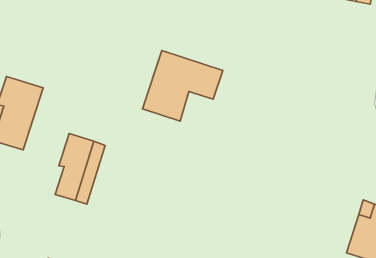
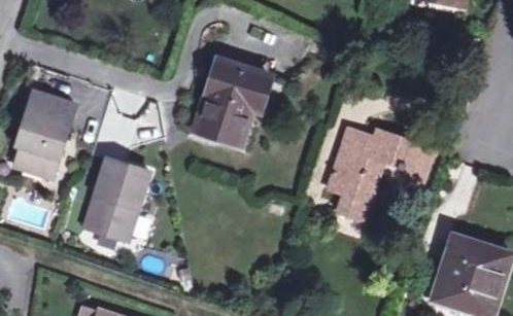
building: none -> [320,122,426,215]

